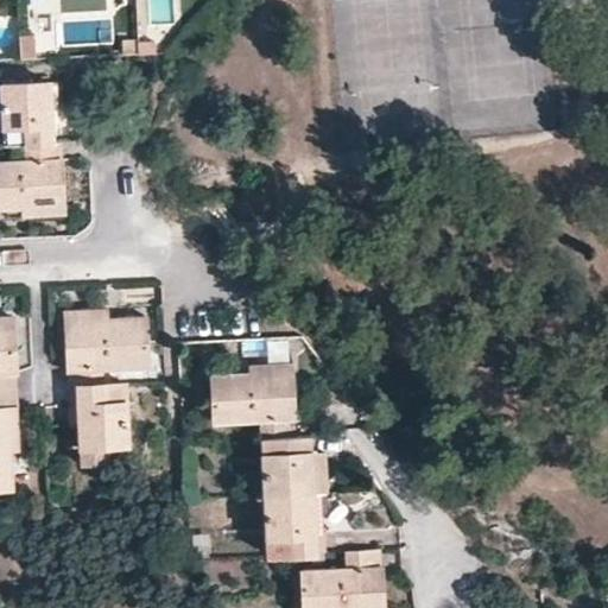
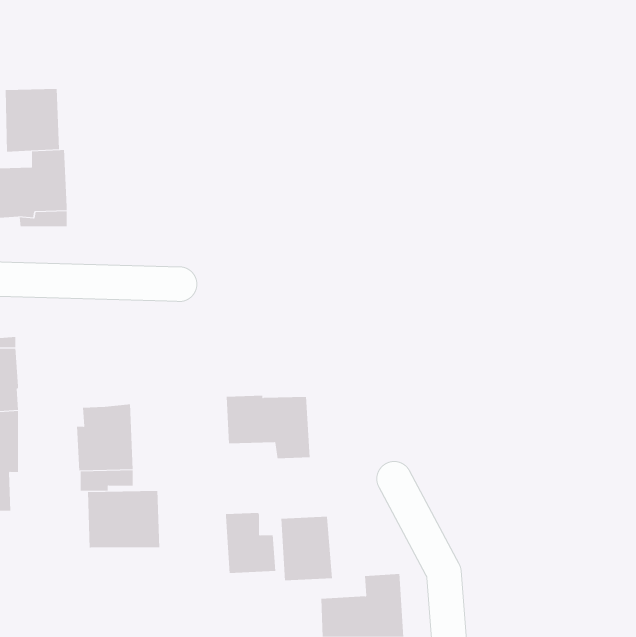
building: [69,321,147,388] -> none
building: [264,436,312,494] -> [225,512,276,574]
building: none -> [88,490,160,548]

